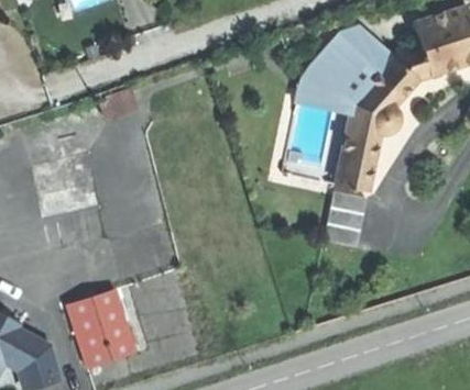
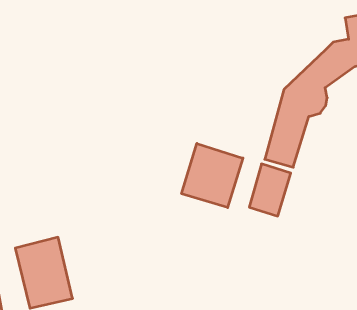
building: [297,23,395,107] -> none
building: none -> [182,143,243,208]

